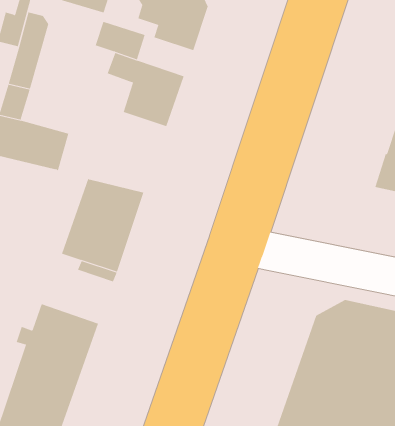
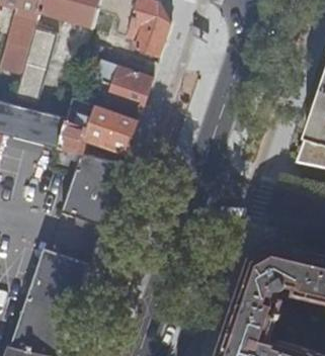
building: none -> [57,98,137,156]

